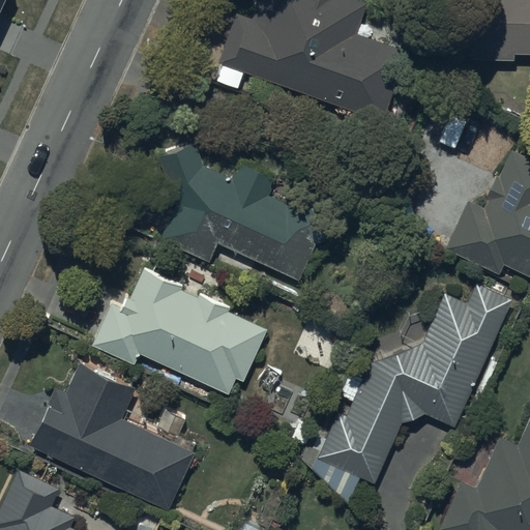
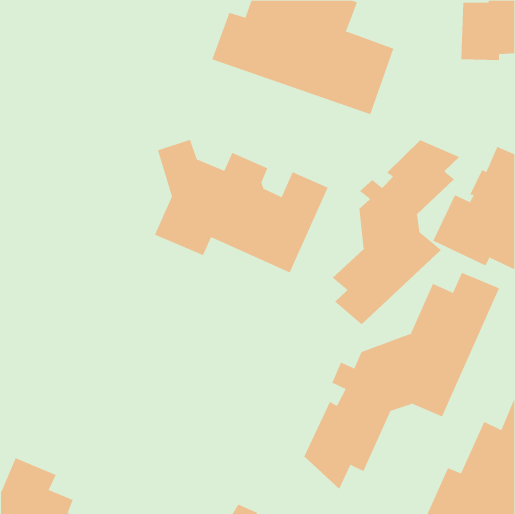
building: none -> [332,139,460,325]
building: [93,270,267,395] -> none
building: [27,363,196,510] -> none

